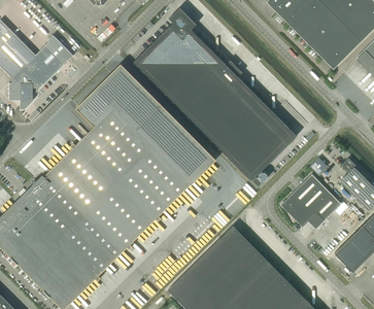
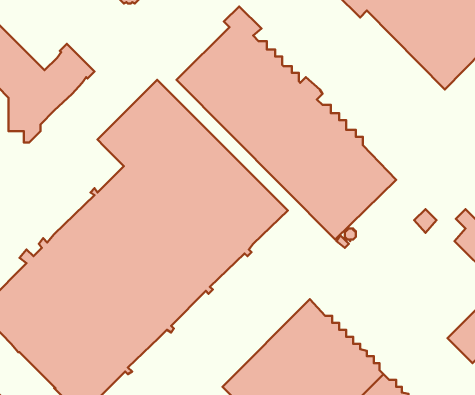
building: [280,174,341,227] -> none

